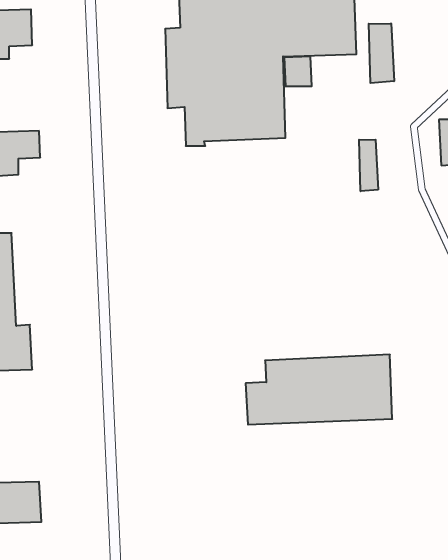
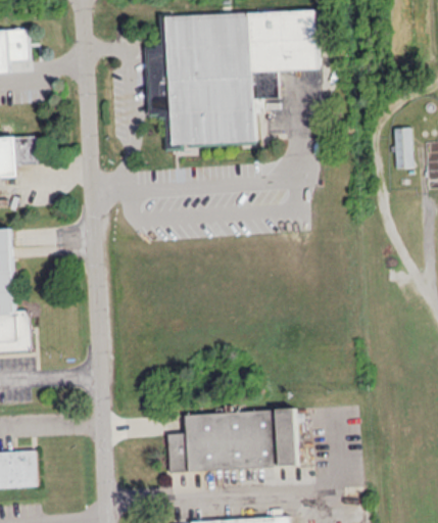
building: [369,23,394,83] -> none
building: [359,140,378,191] -> none
building: [246,355,392,425] -> [167,409,298,471]

